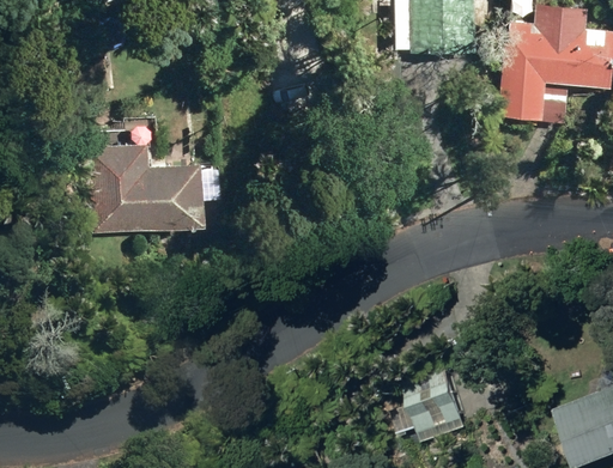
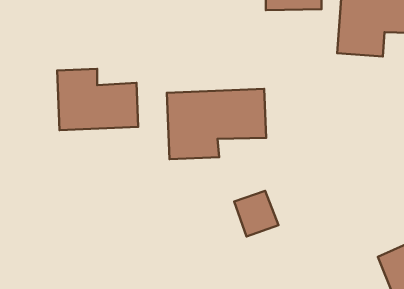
building: none -> [167,89,266,159]
building: [400,373,465,440] -> [234,191,278,237]

